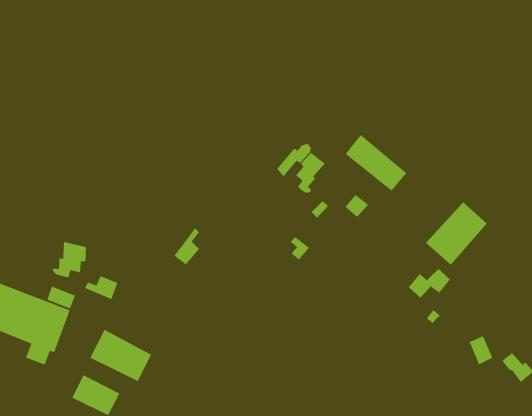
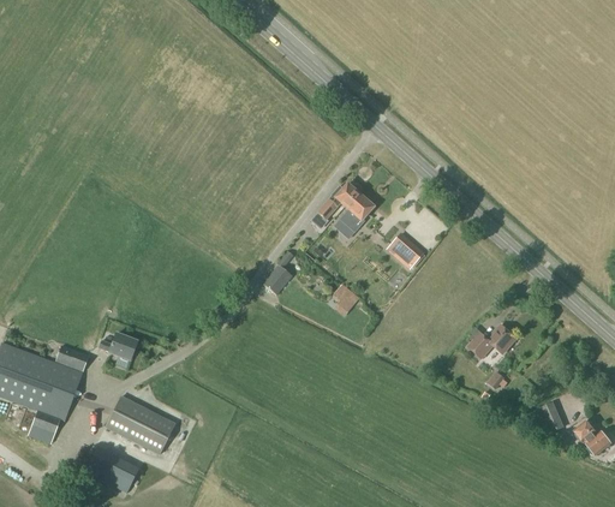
building: [345,134,407,192] -> none
building: [425,201,487,266] -> none
building: [174,227,200,265] -> [262,251,292,294]
building: [52,241,86,278] -> none

